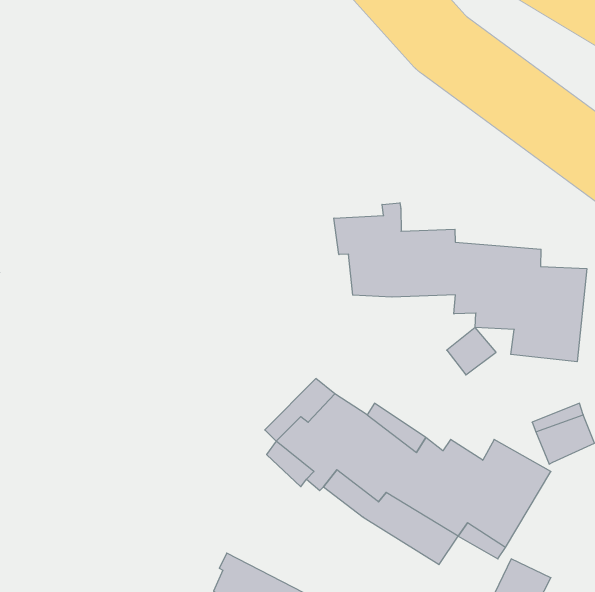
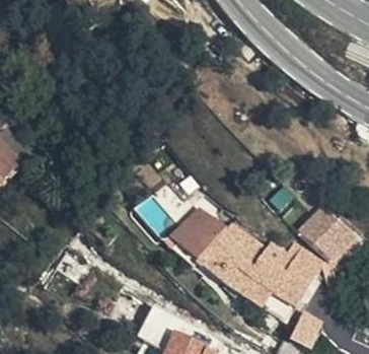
building: [334,203,587,362] -> none

